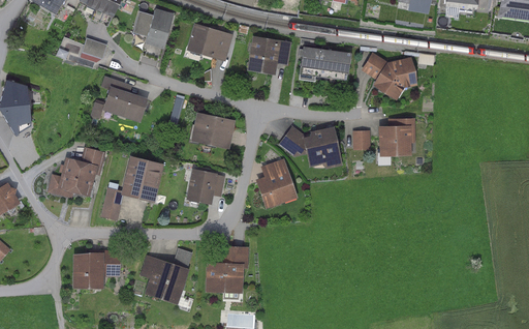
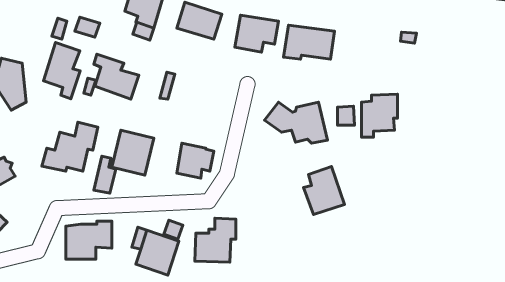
building: [362,53,416,100] -> none
building: none -> [44,43,80,99]
building: [190,112,235,149] -> none
building: [255,158,298,208] -> [303,166,344,214]

